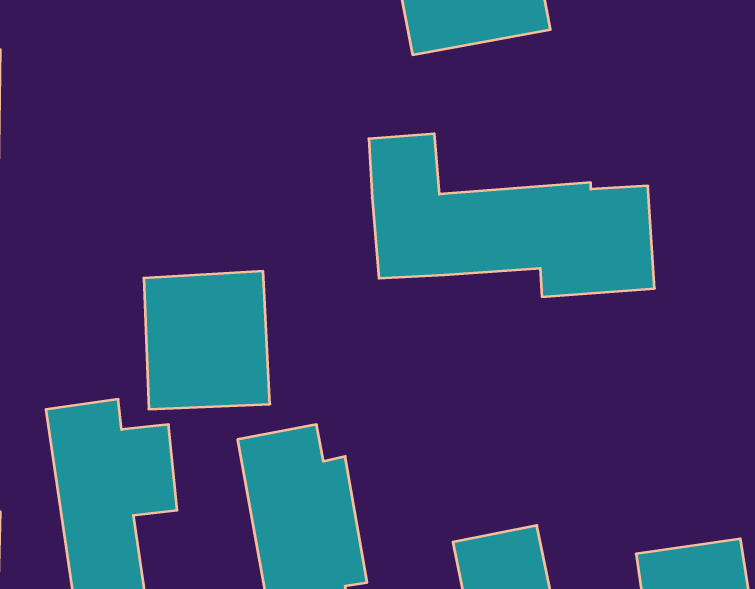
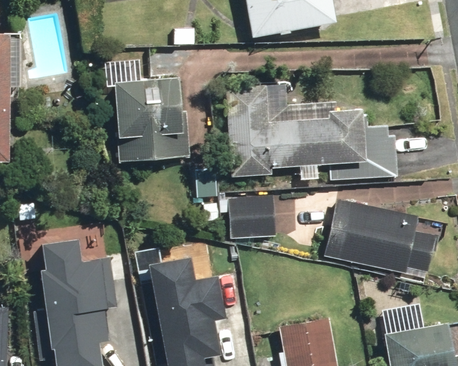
building: [144,271,270,409] -> [115,79,190,161]
building: none -> [232,194,276,236]
building: none -> [327,200,437,277]

